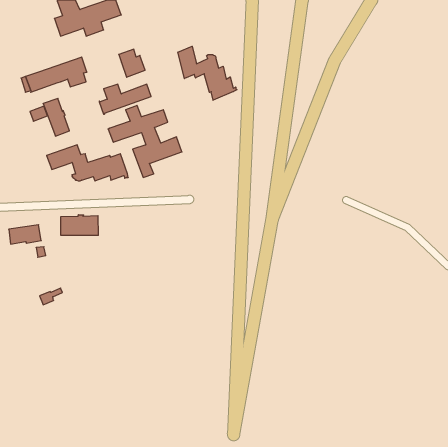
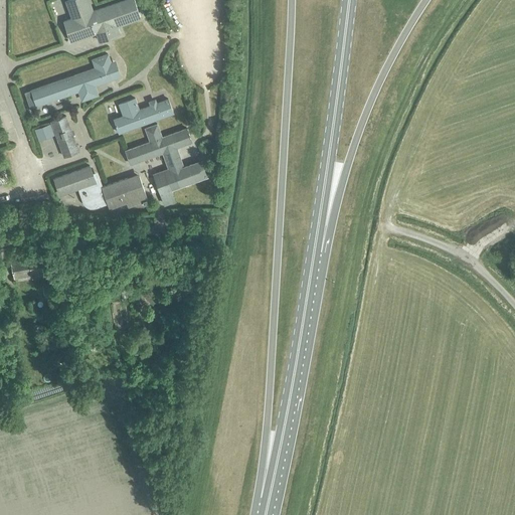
building: [178,46,237,100] -> none
building: [119,49,145,77] -> [91,52,121,84]
building: [61,215,98,235] -> none

